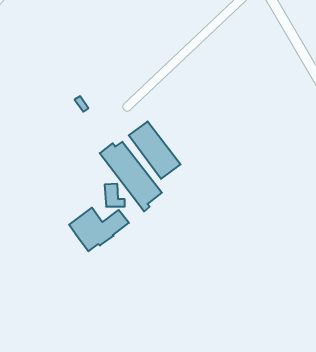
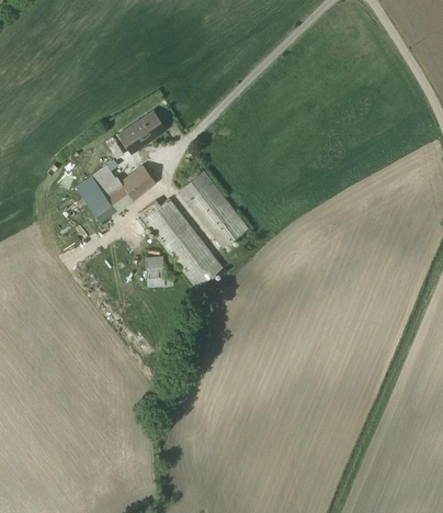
building: none -> [118,110,167,153]
building: [69,208,129,251] -> [76,161,157,221]

